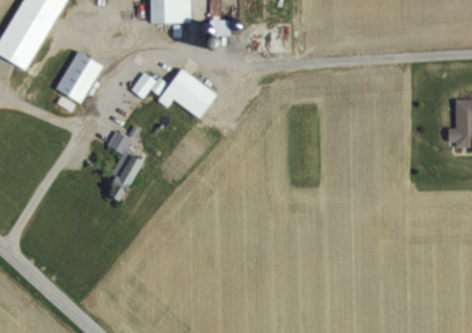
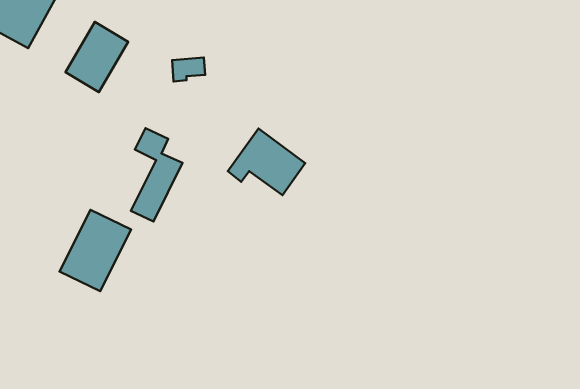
building: [158,68,216,118] -> [228,129,305,195]
building: none -> [60,210,131,291]

